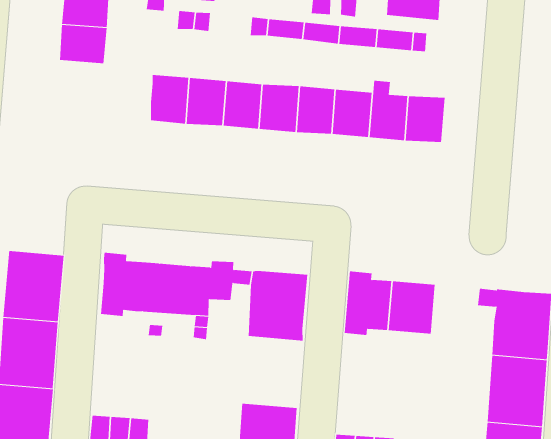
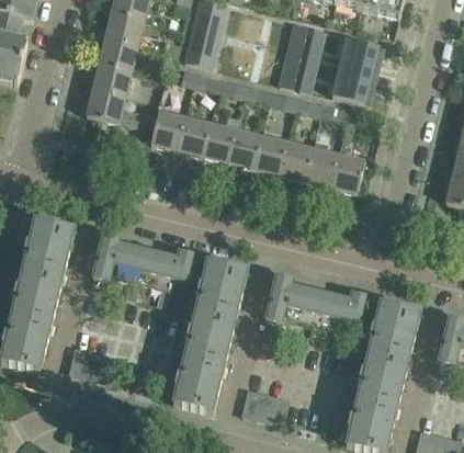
building: none -> [86,89,156,129]
building: none -> [327,292,367,331]
building: none -> [183,308,235,365]

